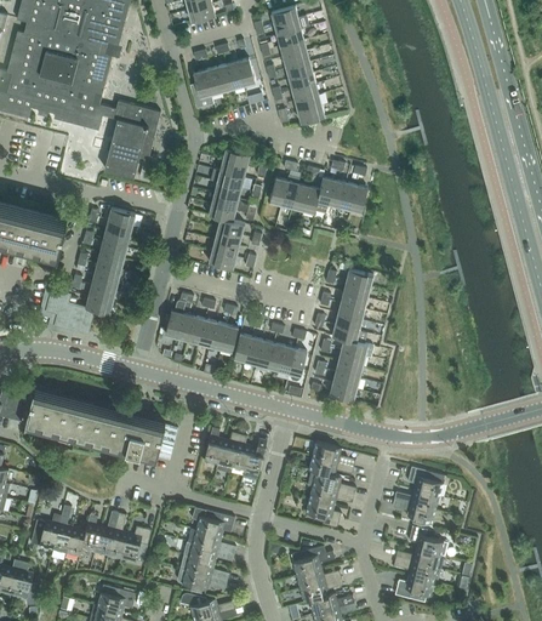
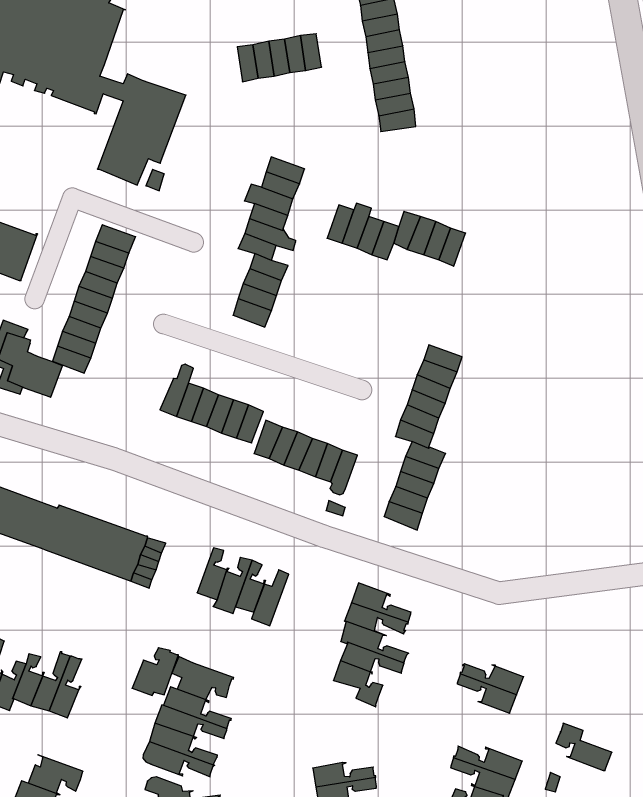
building: [406,467,443,497] -> none
building: [407,526,447,557] -> [556,723,612,771]
building: [120,528,150,562] -> [132,648,178,695]
building: [290,546,333,576] -> none

